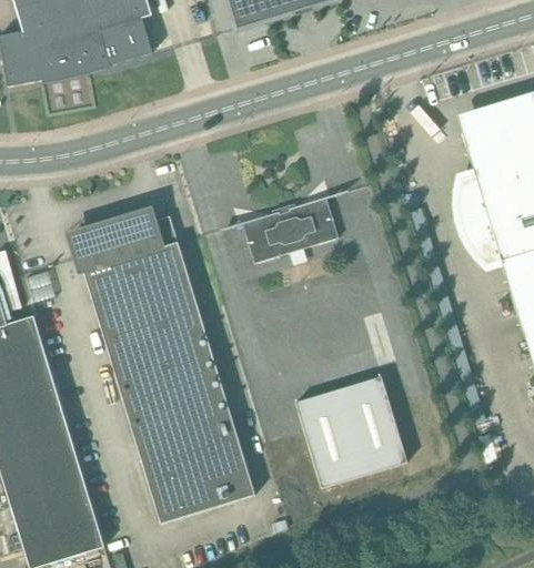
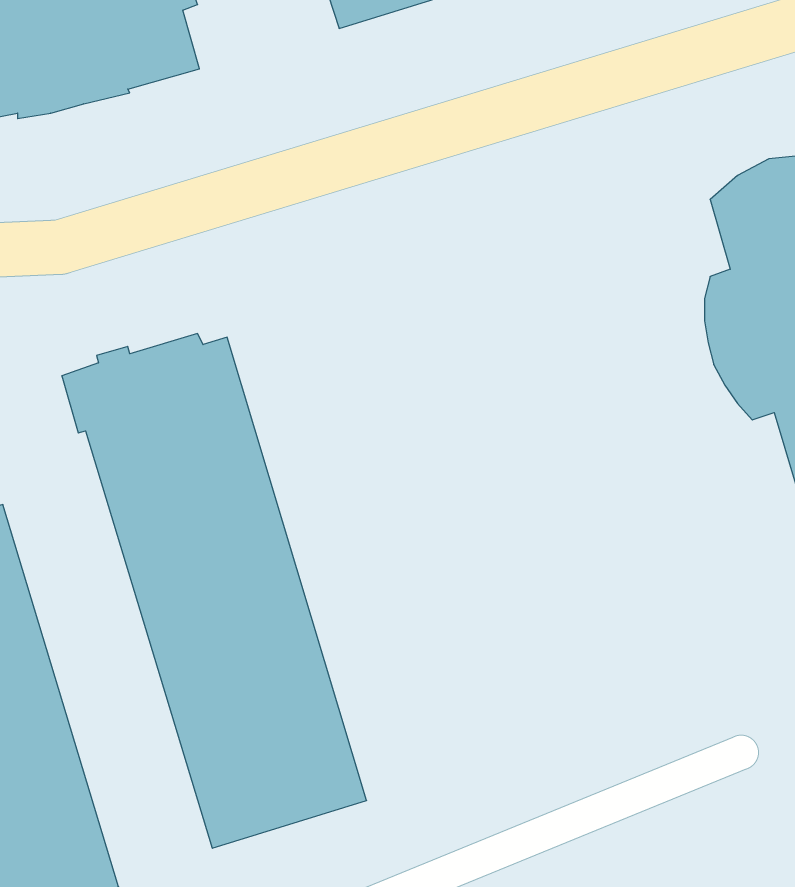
building: [235,194,339,262] -> none
building: [296,375,407,486] -> none

